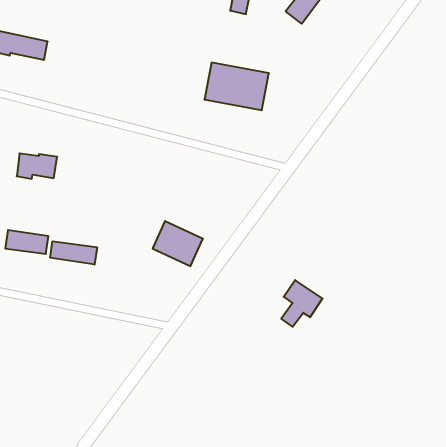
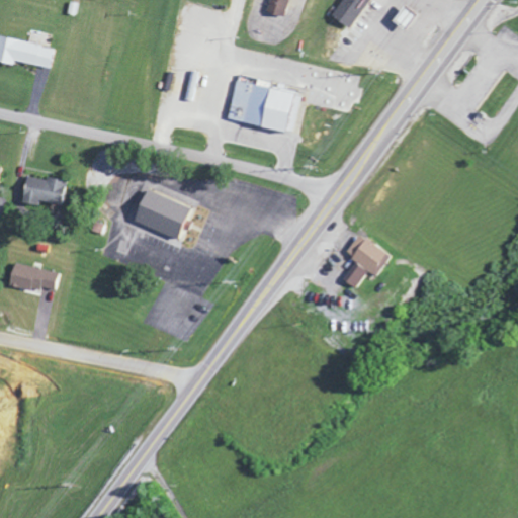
building: [153,221,203,266] -> [133,189,190,241]
building: [50,241,97,265] -> none
building: [281,280,323,327] -> [341,234,388,287]

